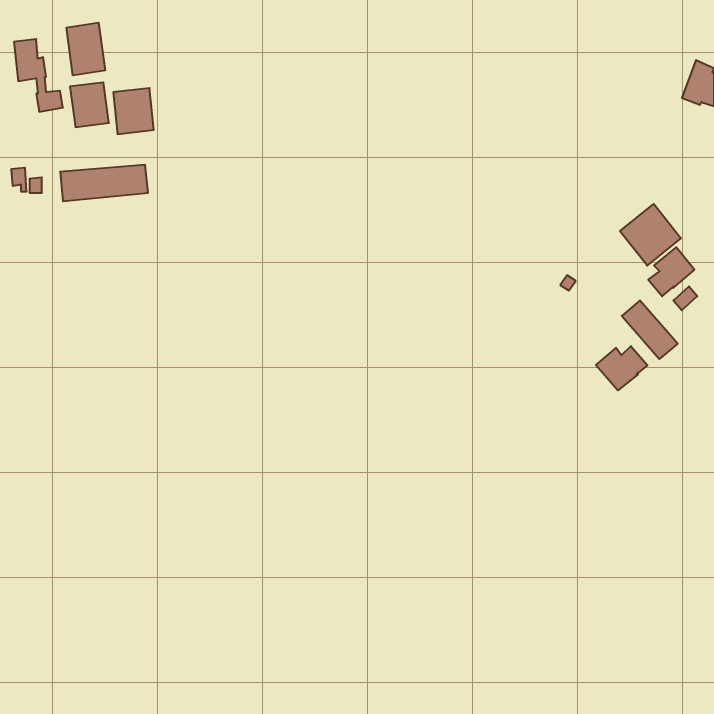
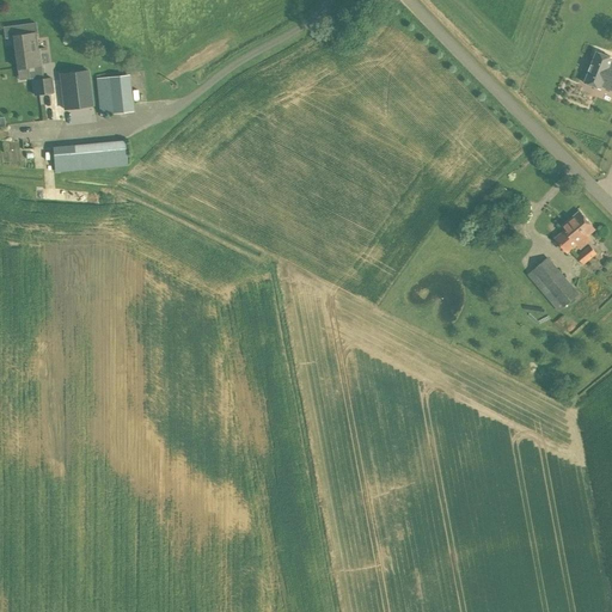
building: [66,23,105,75] -> none
building: [620,204,681,266] -> none
building: [596,346,647,390] -> none

